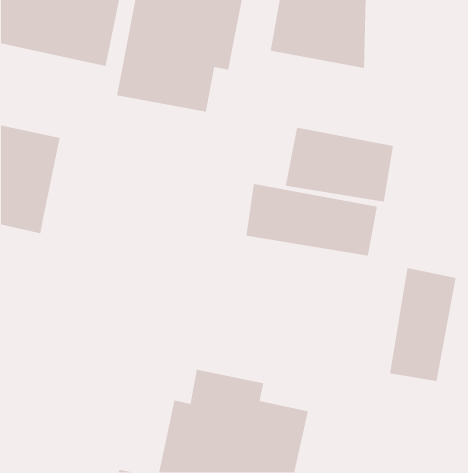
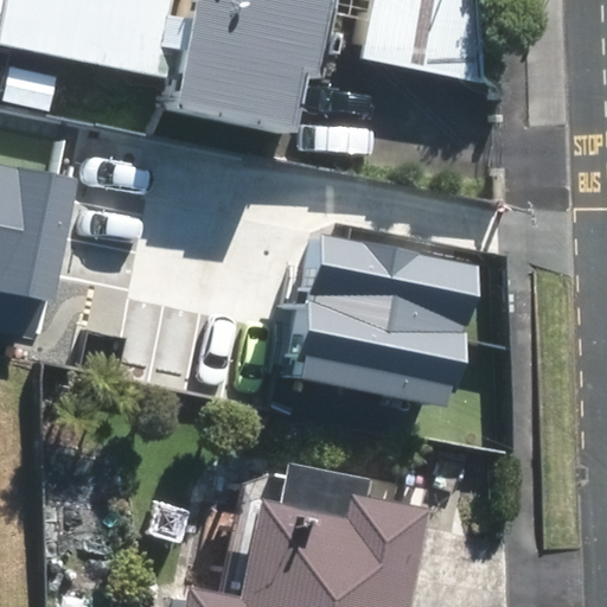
building: [285,127,394,202] -> none
building: none -> [309,301,479,405]
building: [389,267,457,382] -> none

